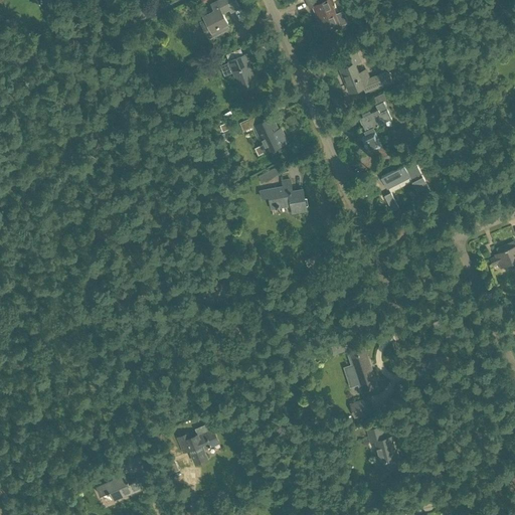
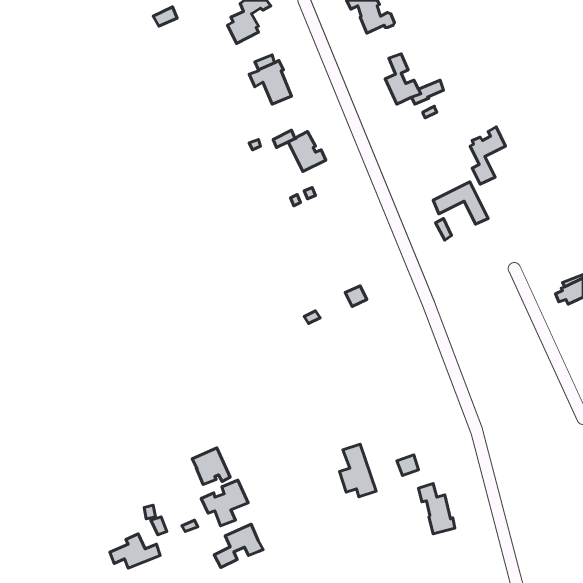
building: [359,103,390,153] -> [470,127,505,184]
building: [259,180,306,212] -> none
building: [344,345,376,391] -> [339,444,376,497]
building: none -> [192,448,230,484]
building: none -> [214,524,263,567]

